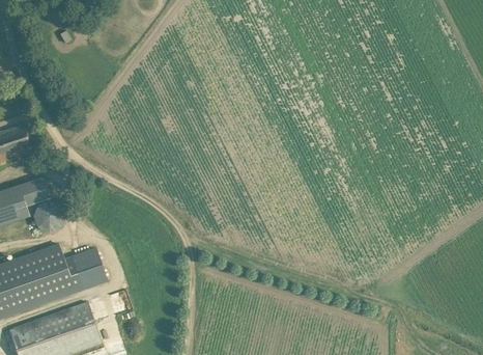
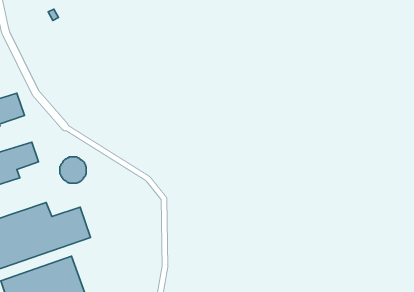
building: [34,201,63,230] -> [60,157,86,183]

